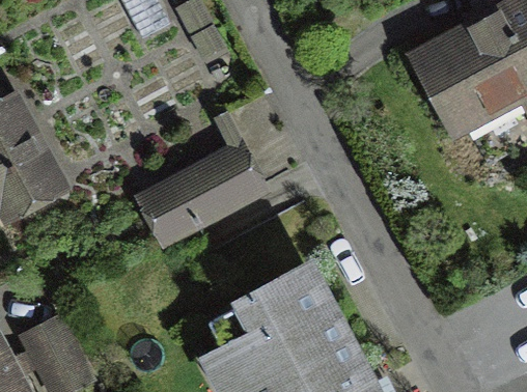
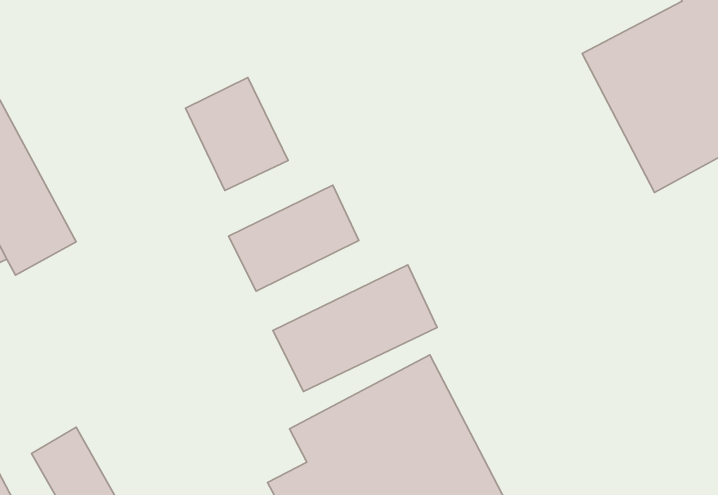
building: none -> [186,78,288,191]
building: none -> [273,265,437,392]

